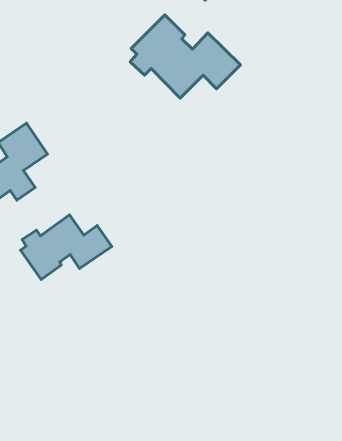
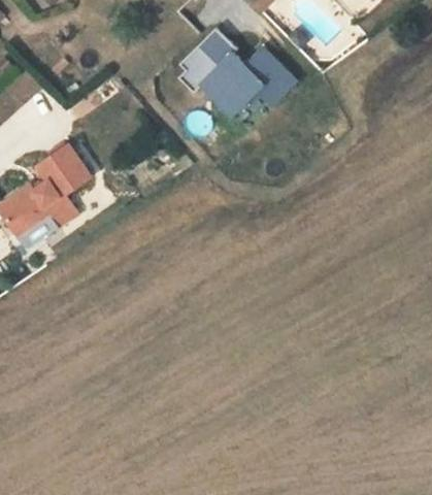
building: [20,215,112,279] -> none

